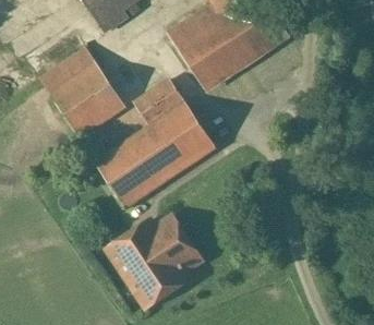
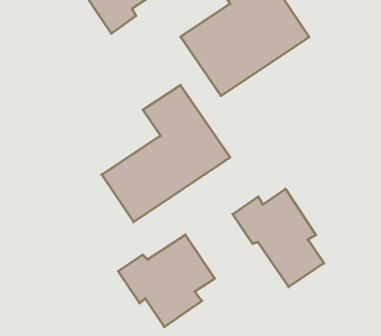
building: [39,47,124,137] -> none
building: none -> [233,189,324,287]

